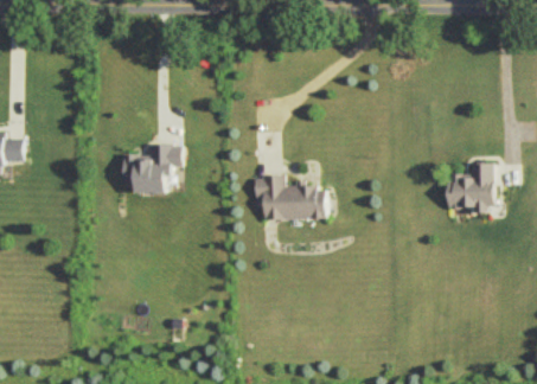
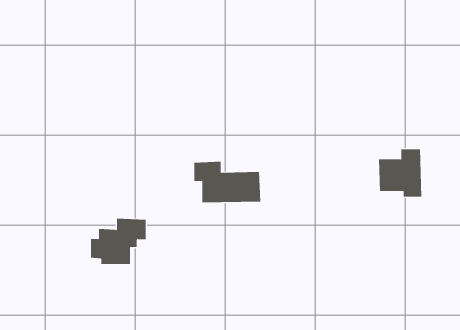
building: [123,146,183,194] -> [90,218,147,264]

